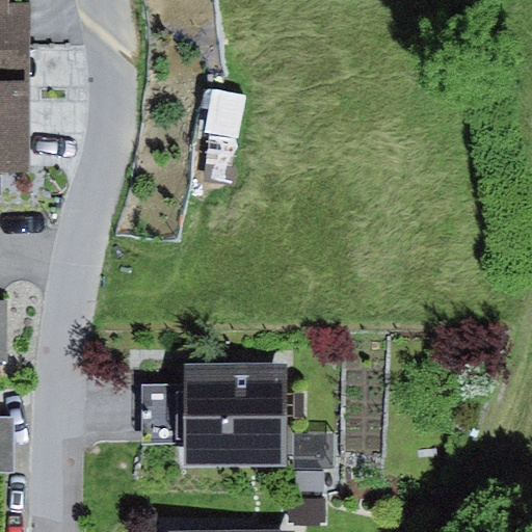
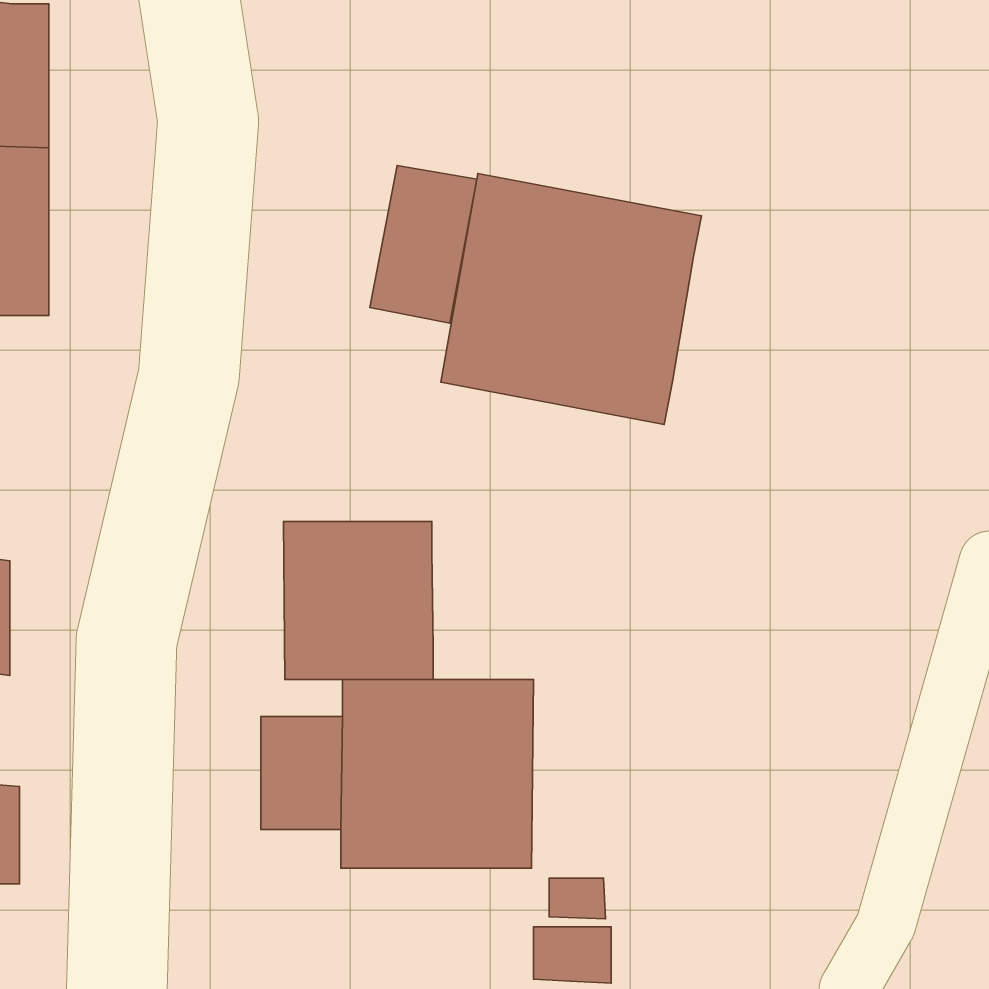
building: none -> [441,174,701,424]
building: none -> [283,521,433,679]

